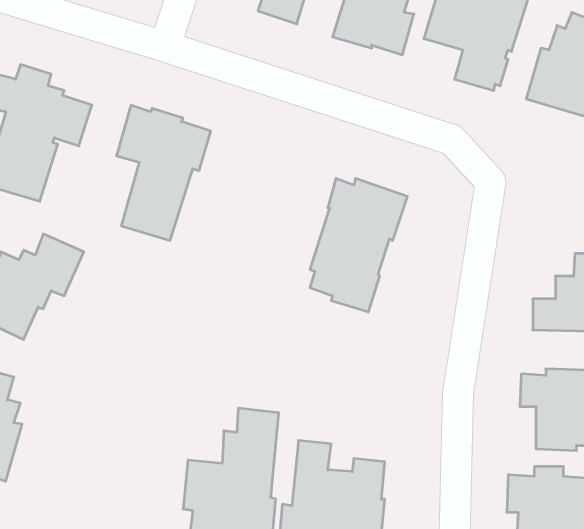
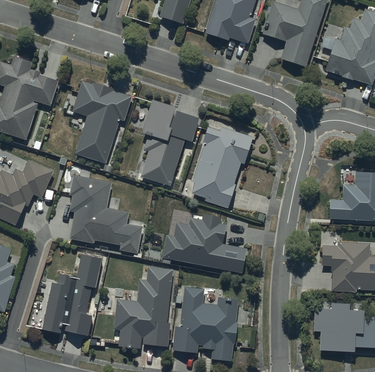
building: none -> [139,96,199,183]
building: none -> [69,173,142,251]
building: none -> [163,212,246,269]
building: none -> [43,251,102,332]

